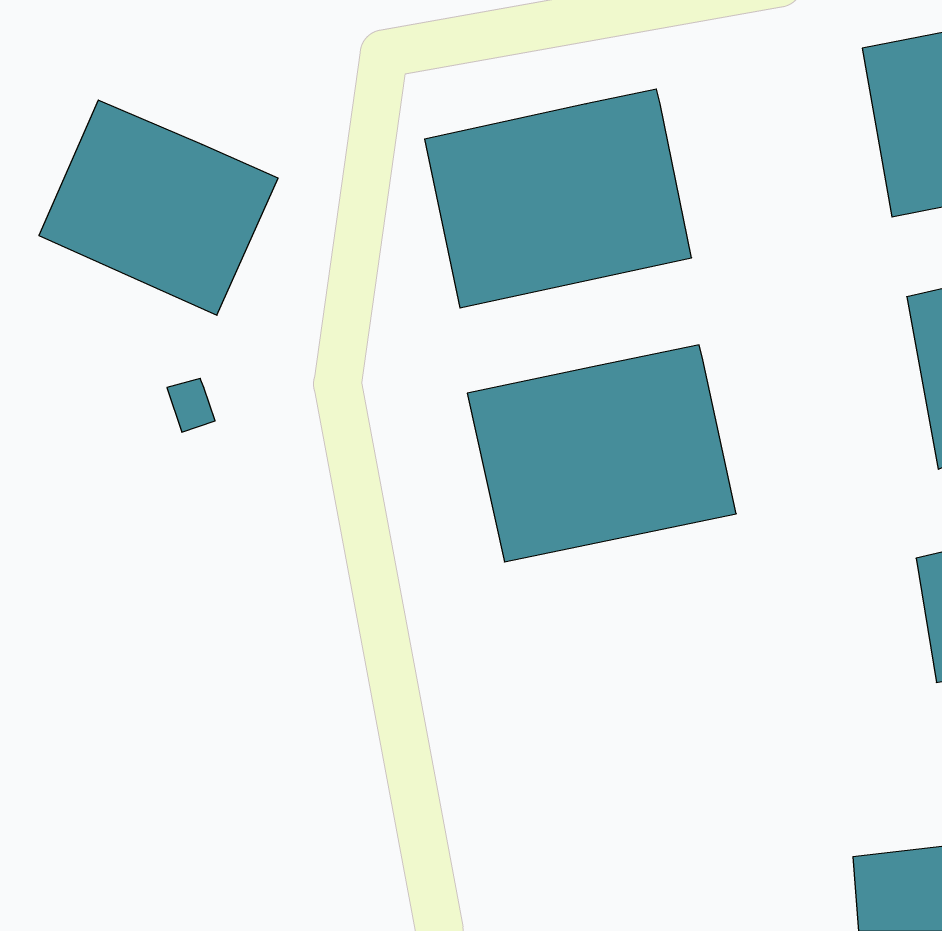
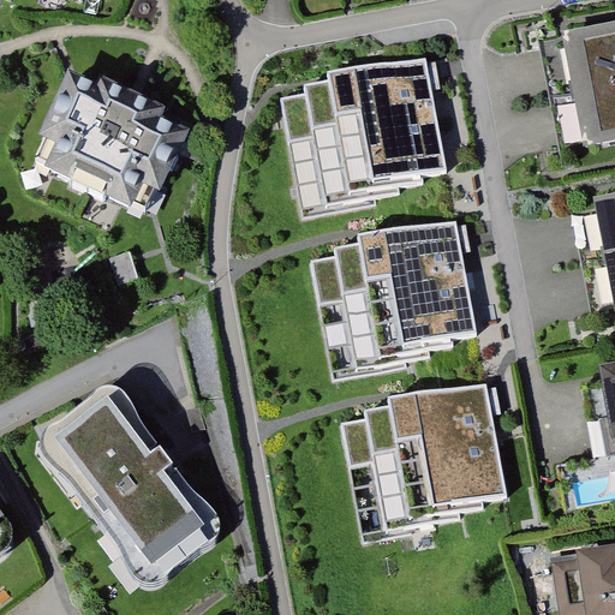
building: none -> [42,384,215,571]
building: none -> [339,387,512,529]

